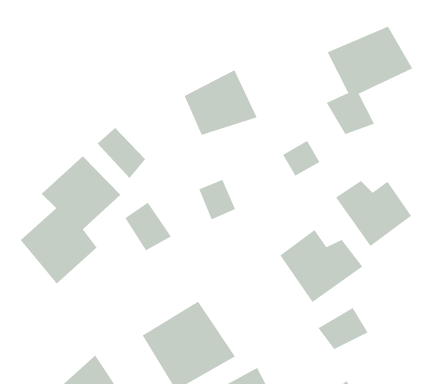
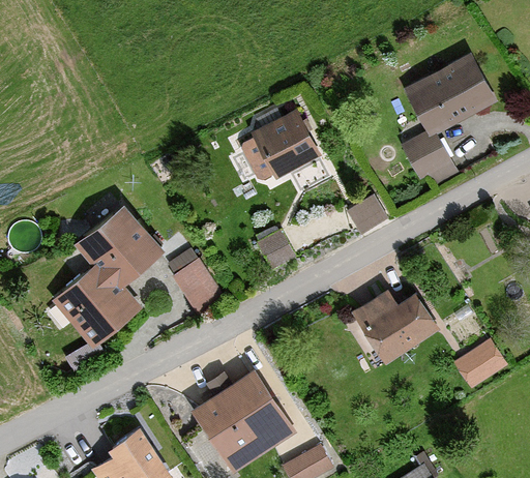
building: [97,127,146,179] -> none
building: [335,180,412,247] -> none
building: [318,307,369,350] -> [452,340,510,389]

